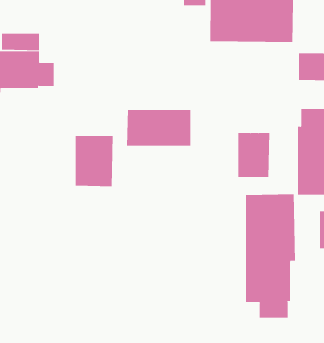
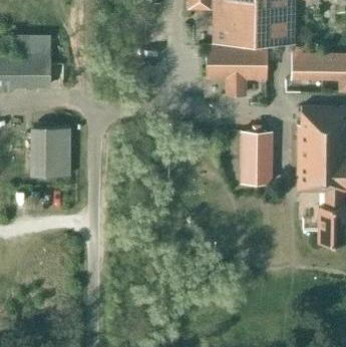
building: [126,110,191,146] -> [206,45,268,80]
building: [75,136,114,187] -> [33,129,70,179]
building: [246,194,296,319] -> none

